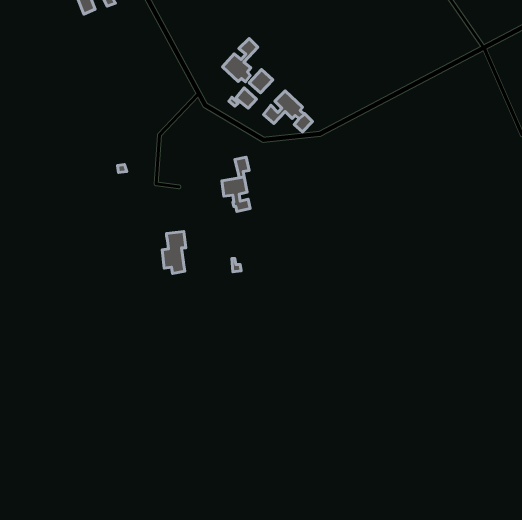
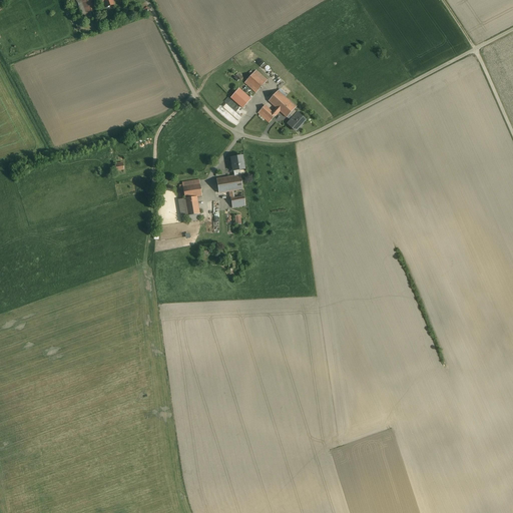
building: [222,39,258,82] -> none
building: [162,231,186,273] -> [178,179,201,220]

